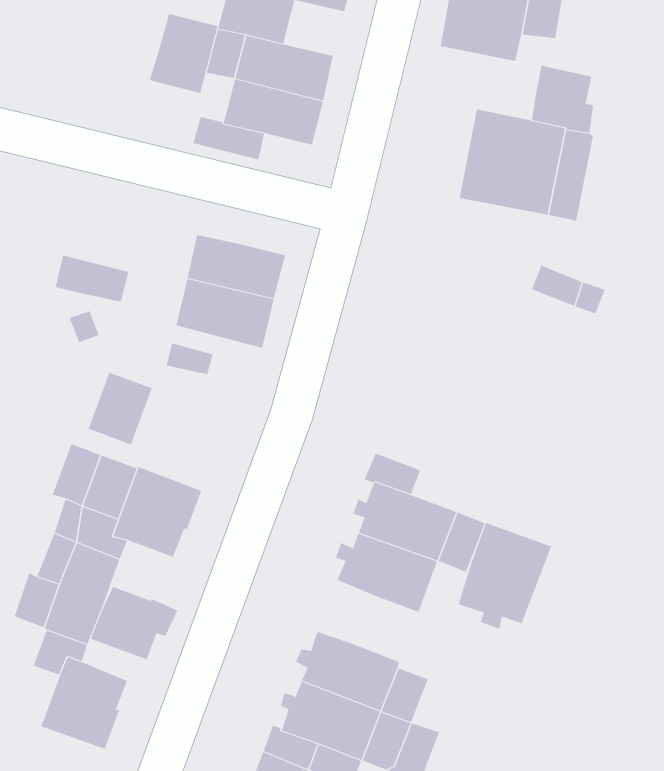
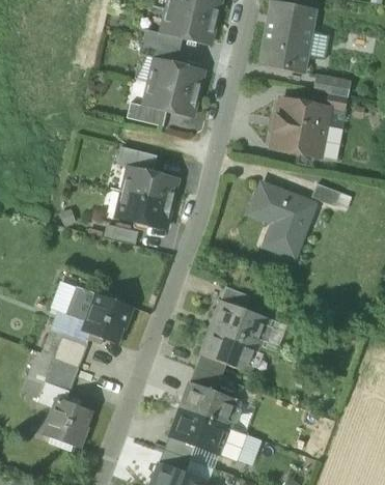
building: [149,13,218,94] -> none
building: [55,255,129,302] -> [115,145,156,171]
building: none -> [248,182,314,257]
building: [88,372,153,445] -> none
building: [458,522,552,630] -> none
building: none -> [189,352,224,390]
building: [90,586,178,660] -> none

